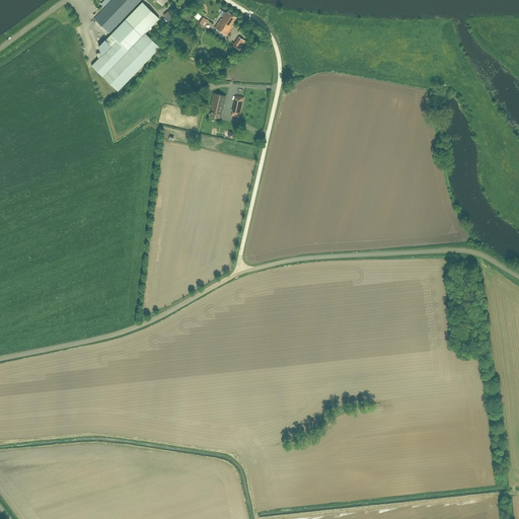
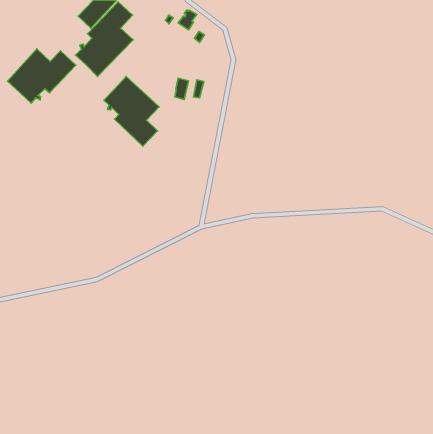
building: none -> [7,49,76,103]
building: none -> [104,76,159,146]

